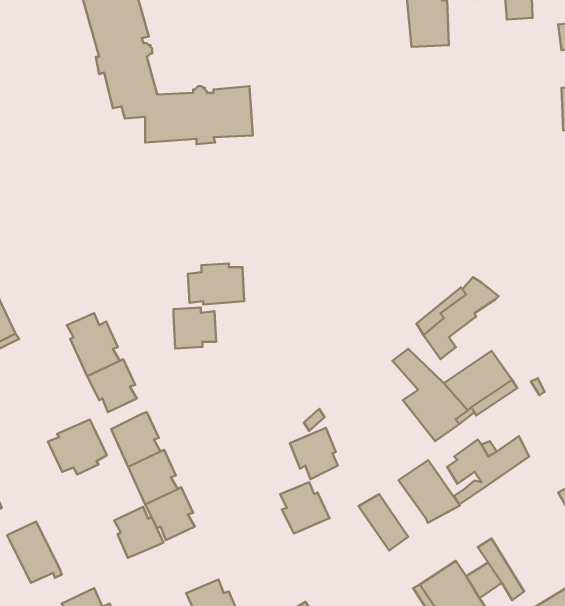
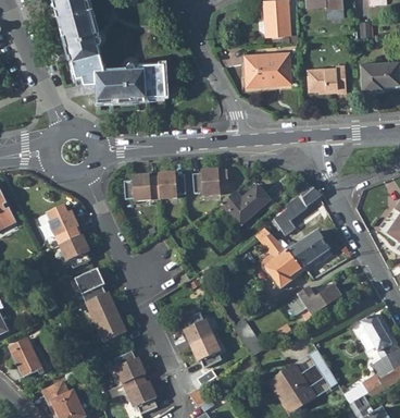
building: none -> [246,51,291,86]
building: none -> [308,63,347,91]
building: none -> [192,169,228,195]
building: none -> [221,185,271,225]
building: [174,308,216,349] -> [159,172,186,198]
building: [48,420,107,475] -> none
building: [290,428,338,479] -> [191,336,222,369]
building: [398,460,460,523] -> none
building: [114,507,164,558] -> [114,352,146,384]

